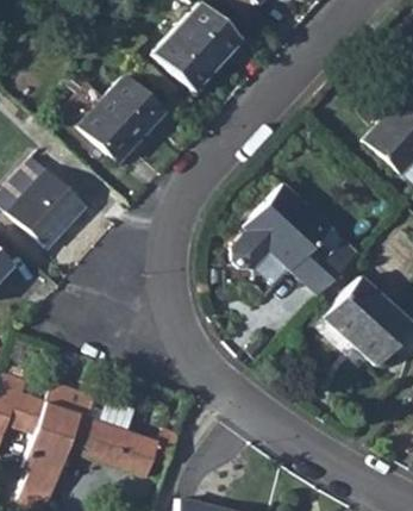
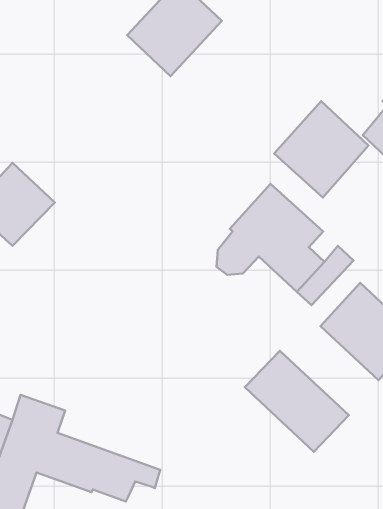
building: [80,76,162,161] -> none
building: none -> [274,101,368,198]
building: none -> [245,351,349,452]

